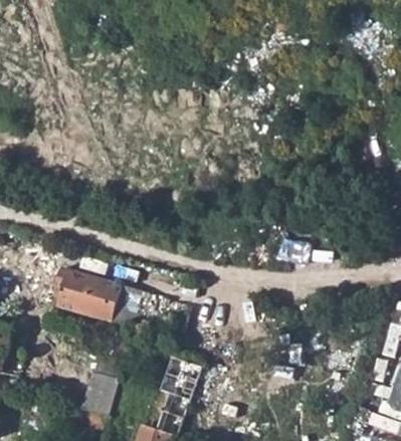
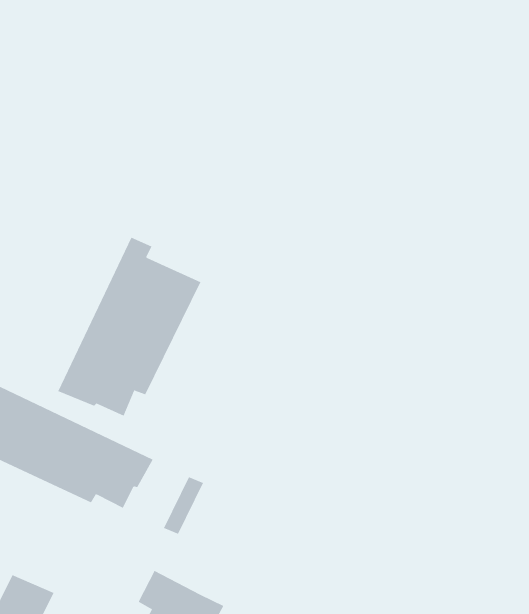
building: none -> [58,237,201,417]

